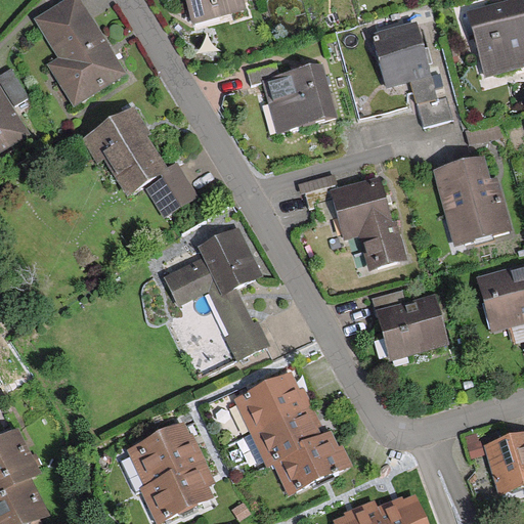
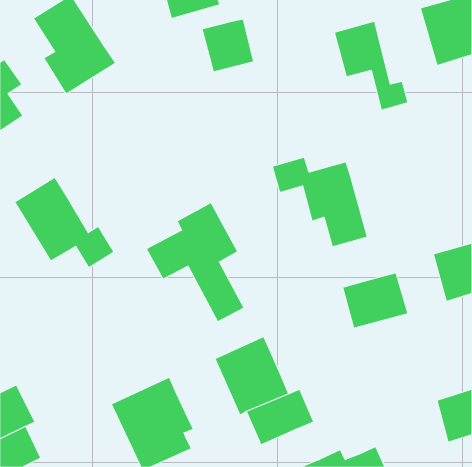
building: [265,70,322,128] -> [202,19,254,72]
building: [80,108,190,209] -> [14,177,114,268]
building: [436,159,515,247] -> none

